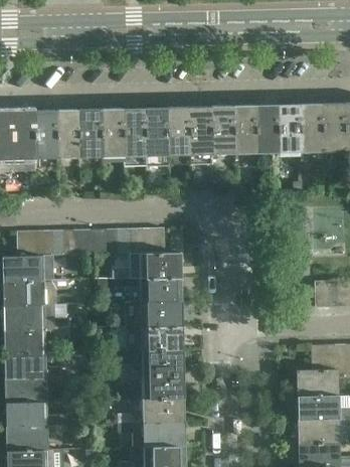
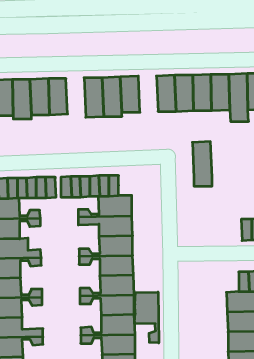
building: [188,107,212,161] -> [192,142,212,186]
building: [100,109,124,158] -> none
building: none -> [135,292,159,343]

